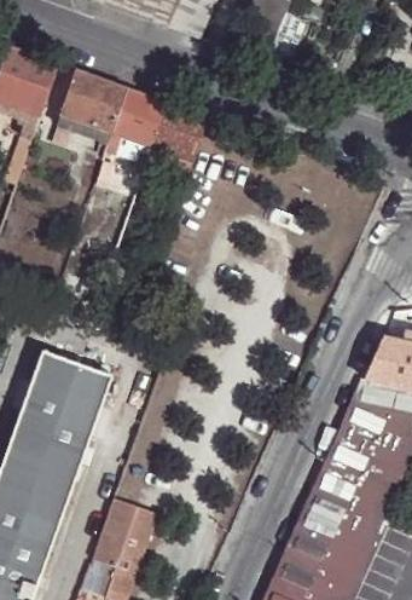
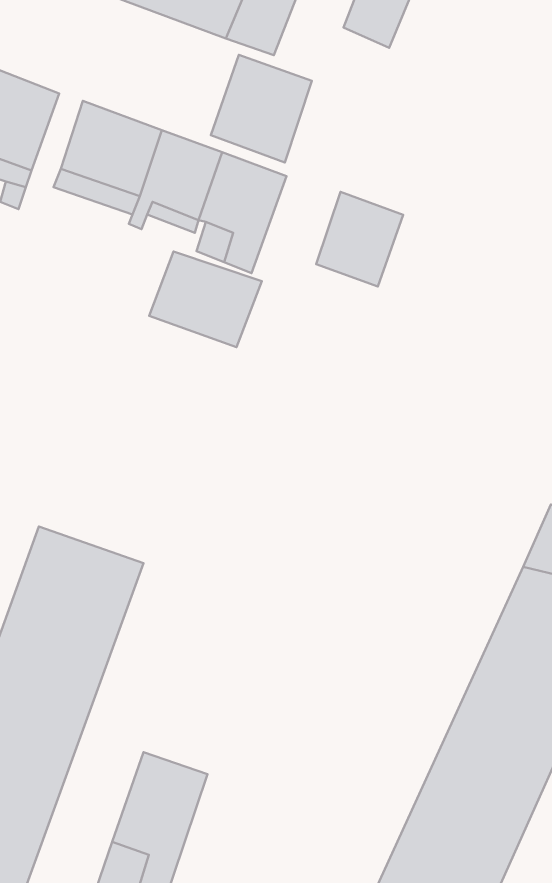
building: none -> [211,55,312,162]
building: none -> [316,192,403,286]
building: none -> [149,251,262,347]

